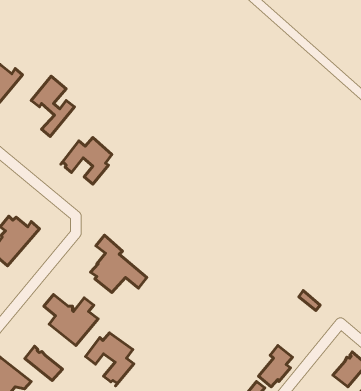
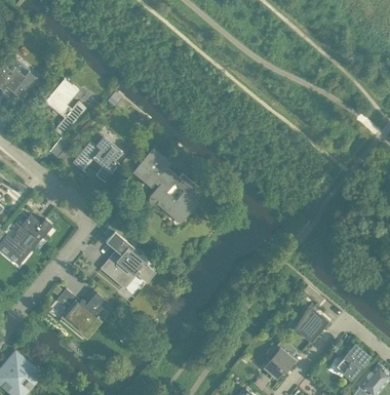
building: none -> [131,148,200,221]
building: none -> [294,306,325,341]
building: [85,333,134,386] -> none
building: [25,346,62,381] -> none

